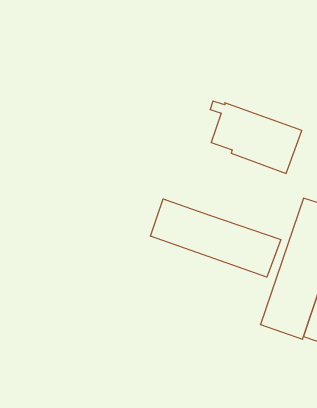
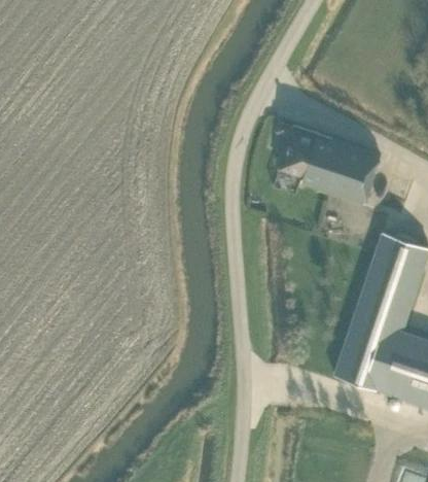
building: [150,199,281,277] -> none

